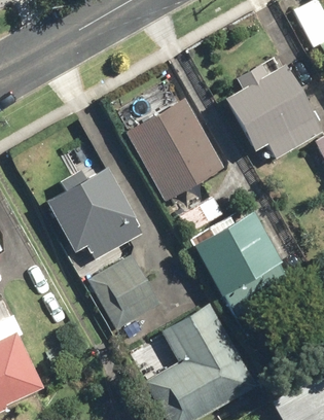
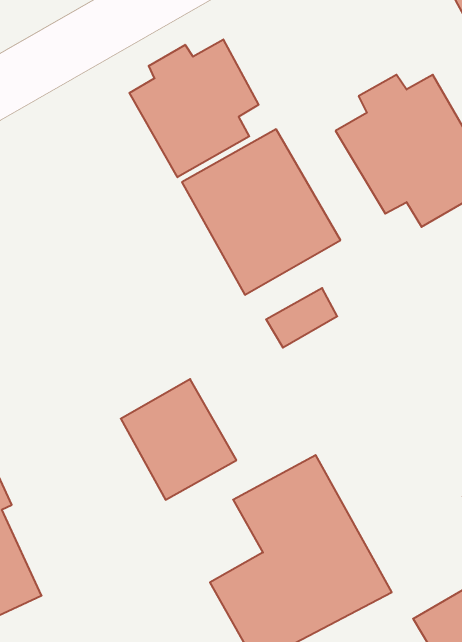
building: none -> [129,39,259,177]
building: [46,166,146,260] -> none
building: [192,211,293,318] -> none

